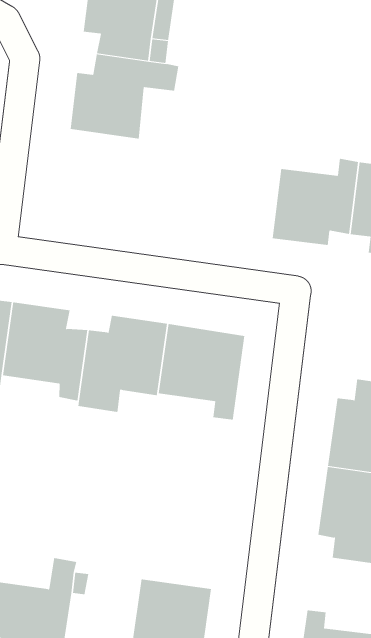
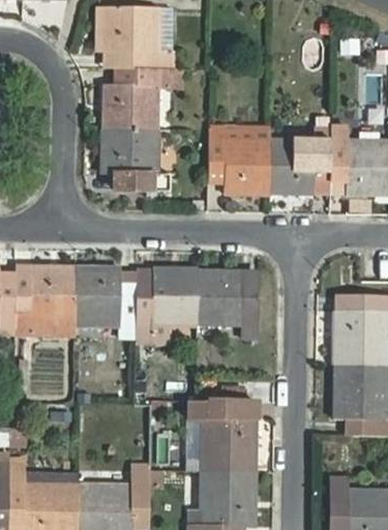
building: none -> [102,128,170,190]
building: none -> [209,125,270,194]
building: none -> [189,398,257,470]

